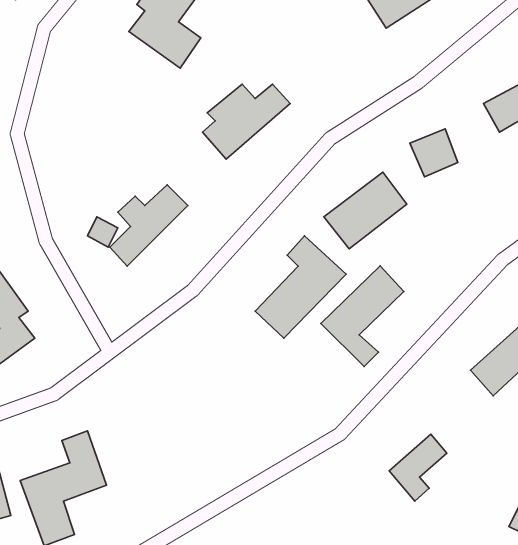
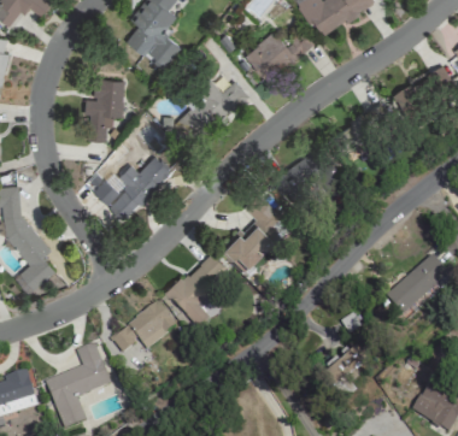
building: none -> [245,30,315,83]
building: none -> [86,79,124,141]
building: [321,266,404,367] -> [166,252,229,328]
building: none -> [111,301,176,353]

